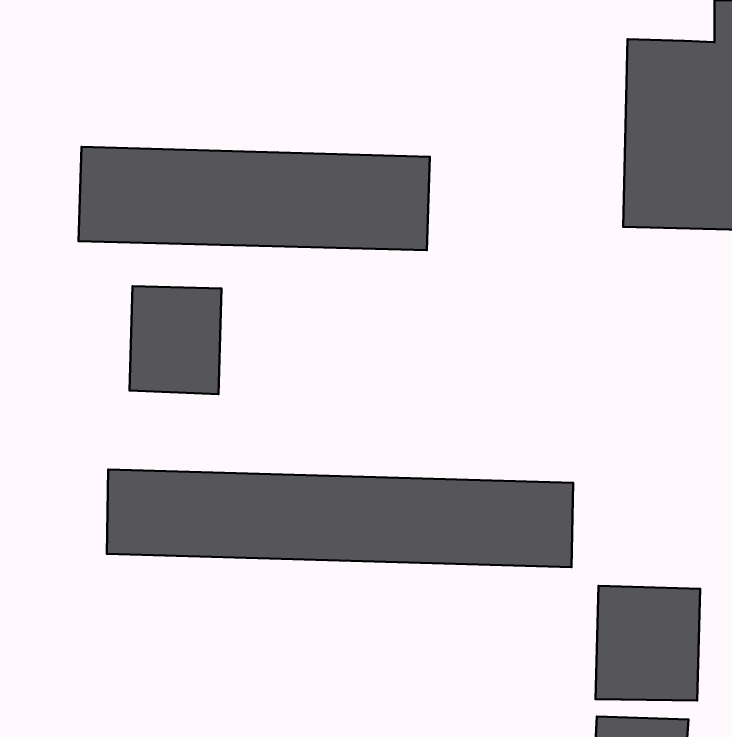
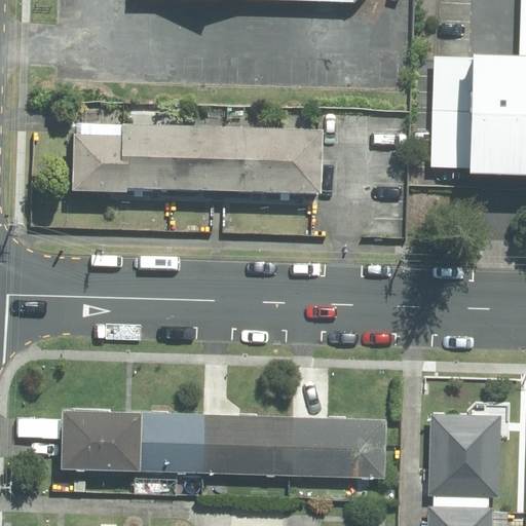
building: [129,286,222,394] -> none
building: [107,470,573,567] -> [57,413,386,482]

